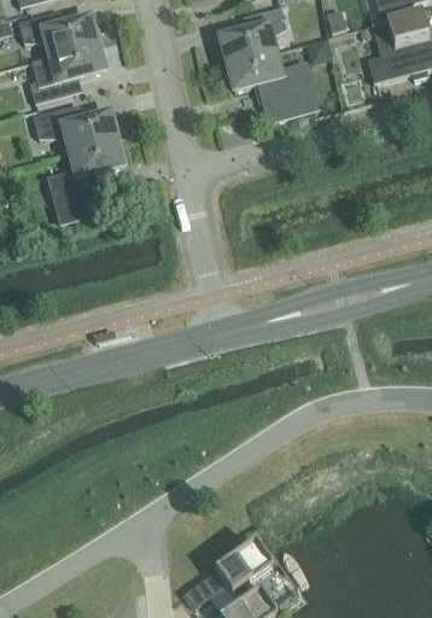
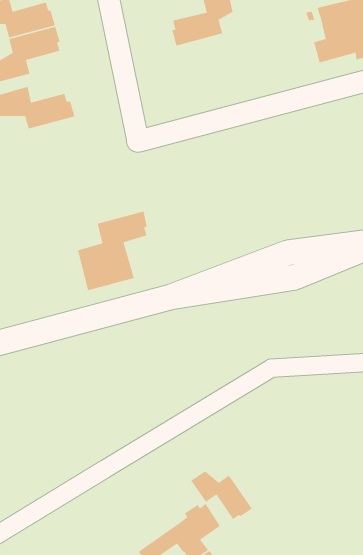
building: [224,51,317,121] -> none
building: [49,138,123,222] -> [77,211,148,291]
building: none -> [190,471,253,520]

